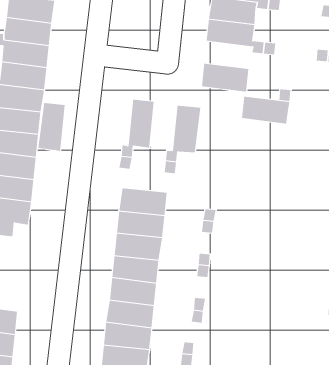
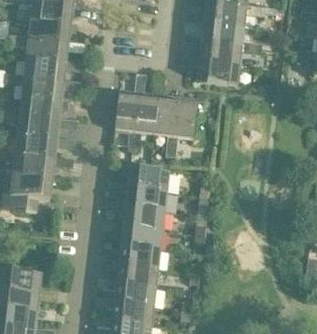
building: [241,96,290,124] -> [200,40,242,64]
building: none -> [154,92,177,134]
building: [38,103,66,152] -> [115,88,139,130]

